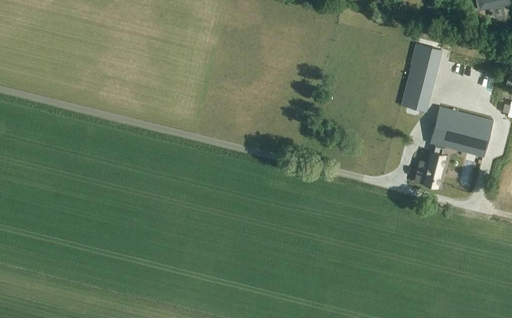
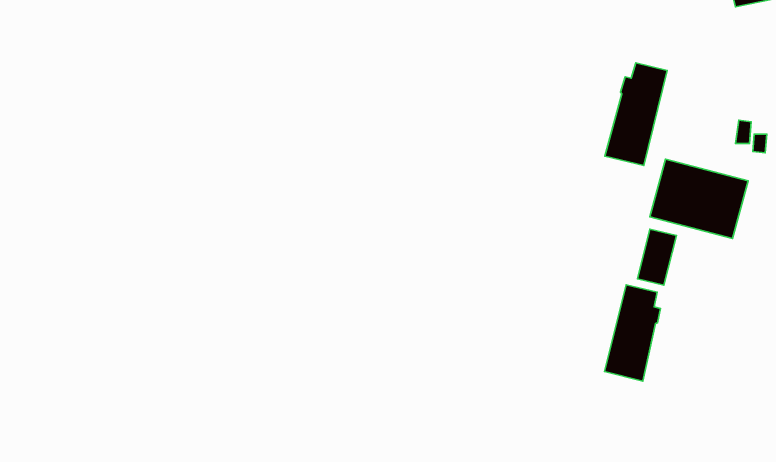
building: none -> [605,285,660,381]

